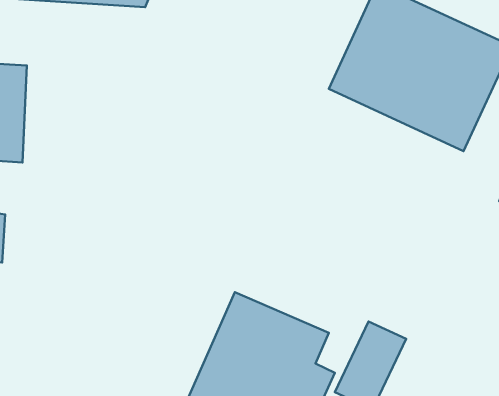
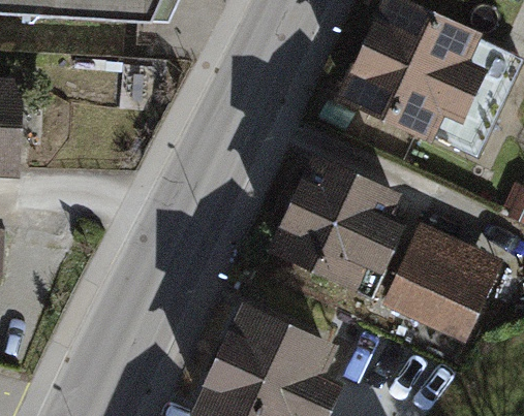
building: none -> [268,153,415,298]
building: none -> [382,221,502,341]

